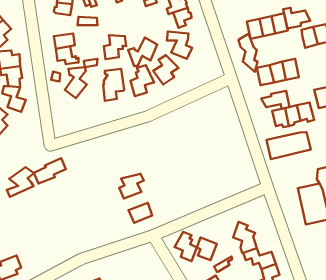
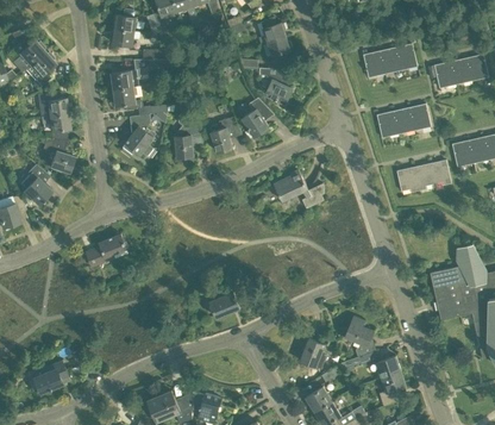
building: [283,8,310,28] -> none
building: [238,34,257,72] -> none
building: [104,35,126,59] -> none
building: [128,38,157,66] -> none
building: [261,91,289,109] -> none
building: none -> [274,169,324,208]
building: [266,132,311,159] -> none
building: [7,167,34,197] -> none
building: [119,174,144,199] -> none
building: [174,232,197,261] -> none

